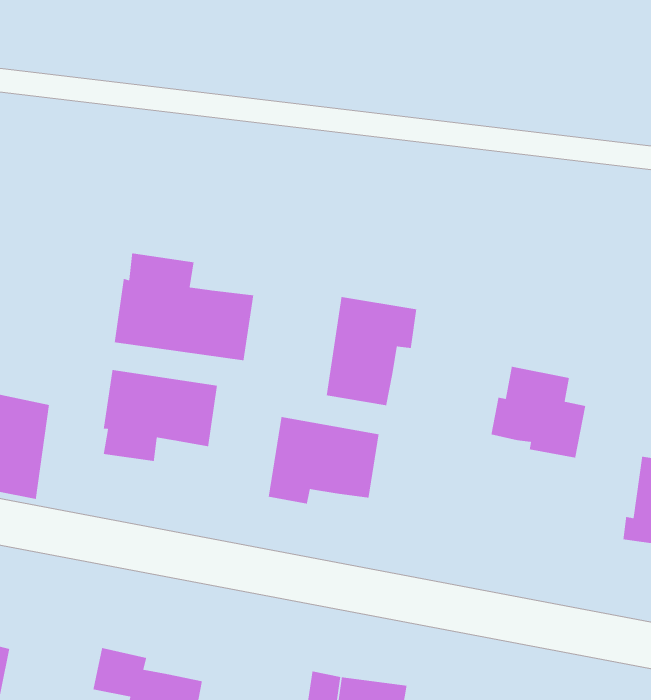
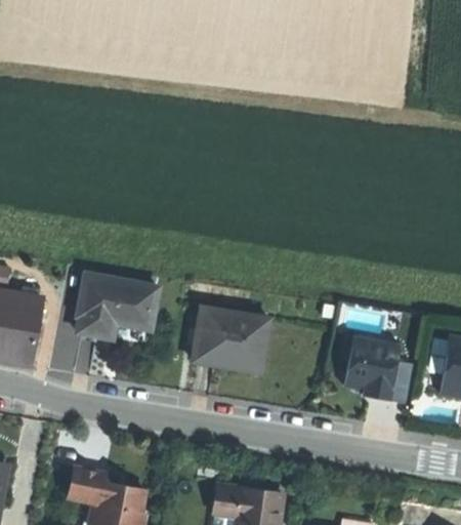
building: [114,252,254,361] -> none
building: [326,296,417,406] -> none
building: [491,366,586,459] -> [343,335,410,400]

